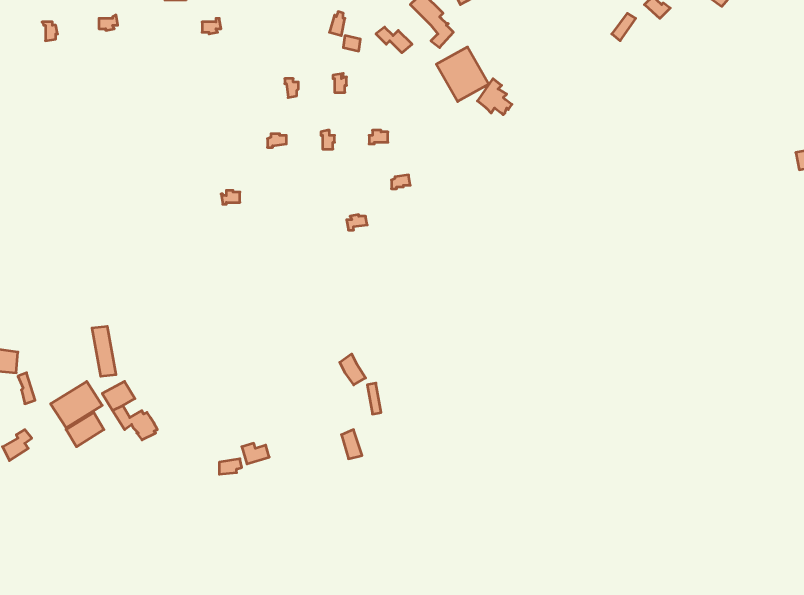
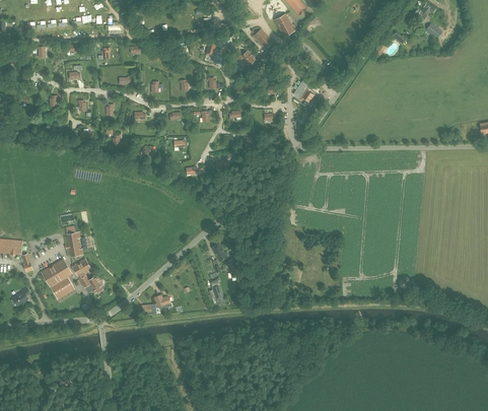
building: [436,47,489,102] -> none

